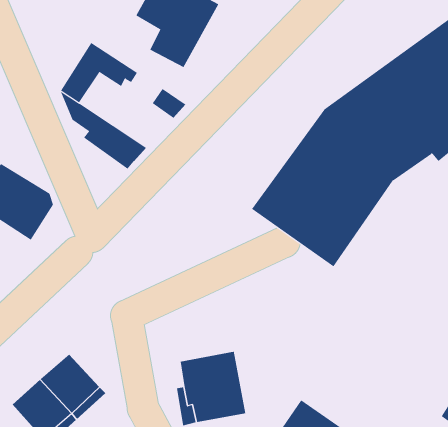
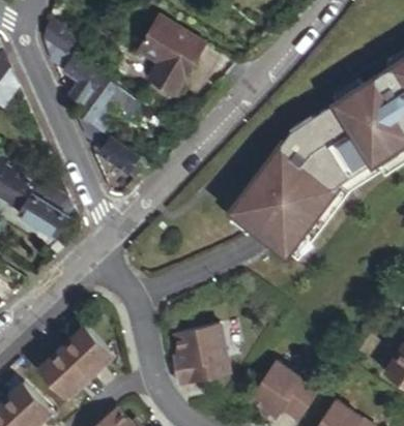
building: none -> [51,45,100,102]

